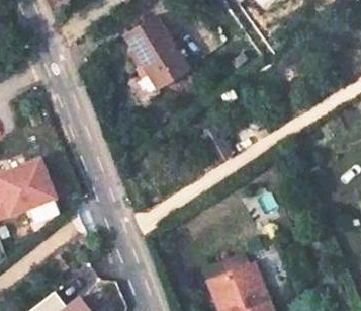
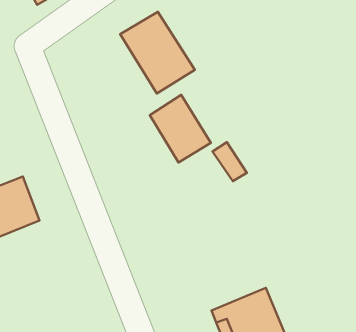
building: none -> [150,95,211,162]

